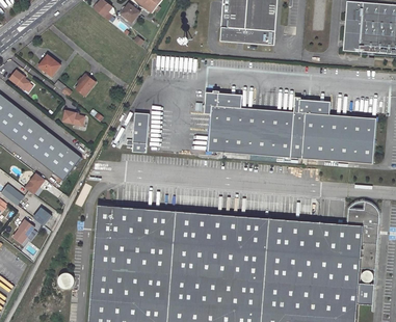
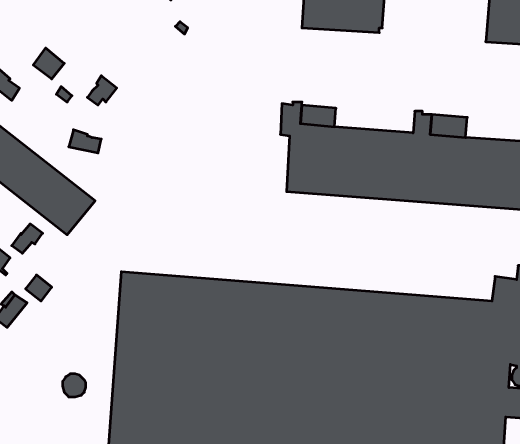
building: [126,112,149,152] -> none

